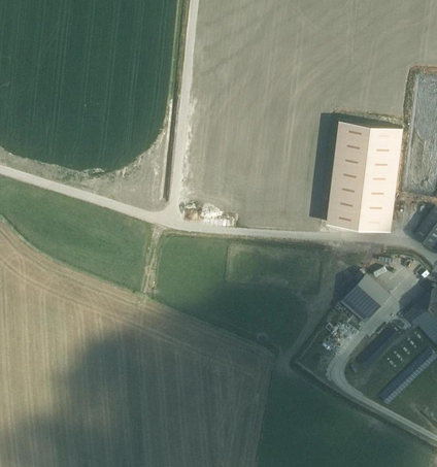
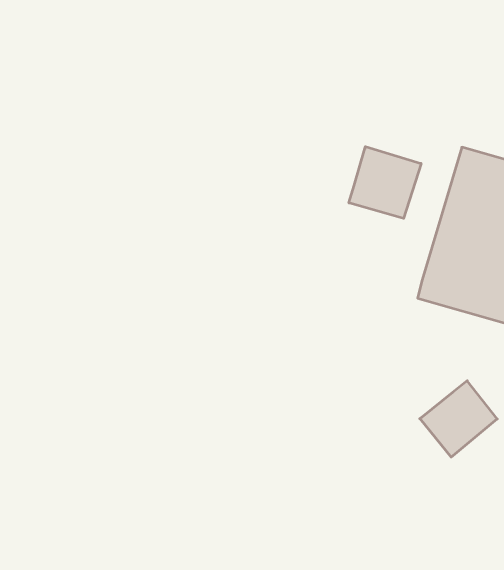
building: none -> [349,147,421,218]

